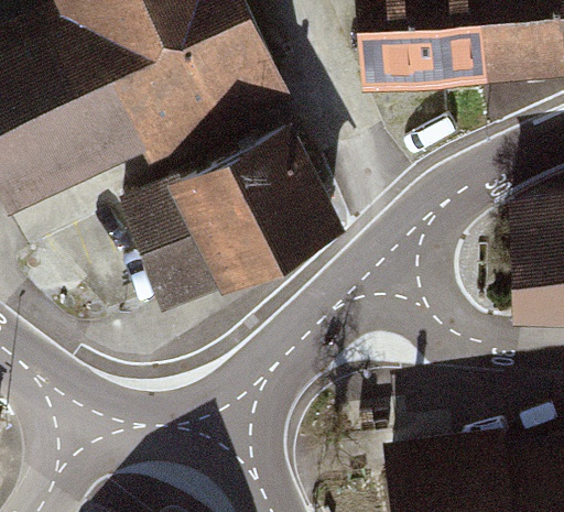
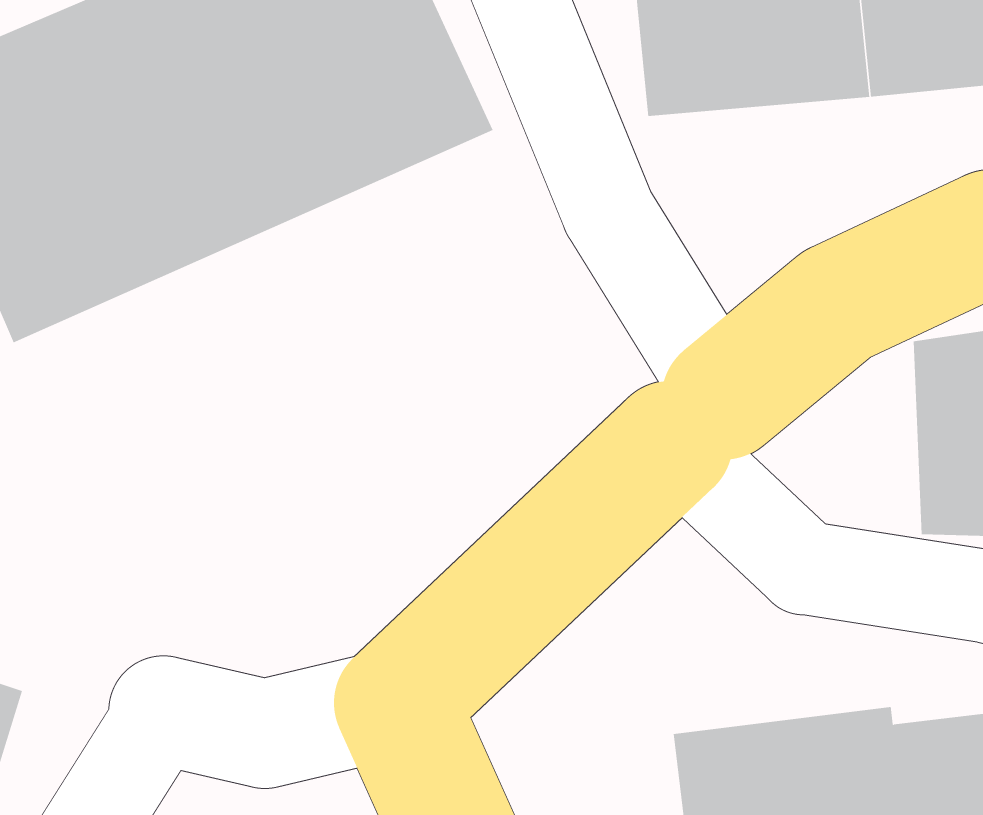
building: [127,129,338,305] -> none

